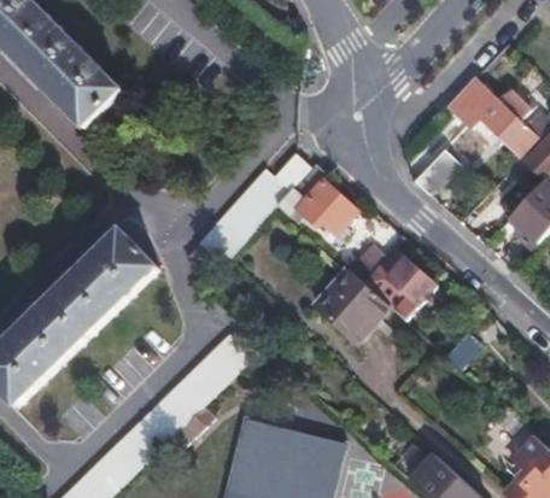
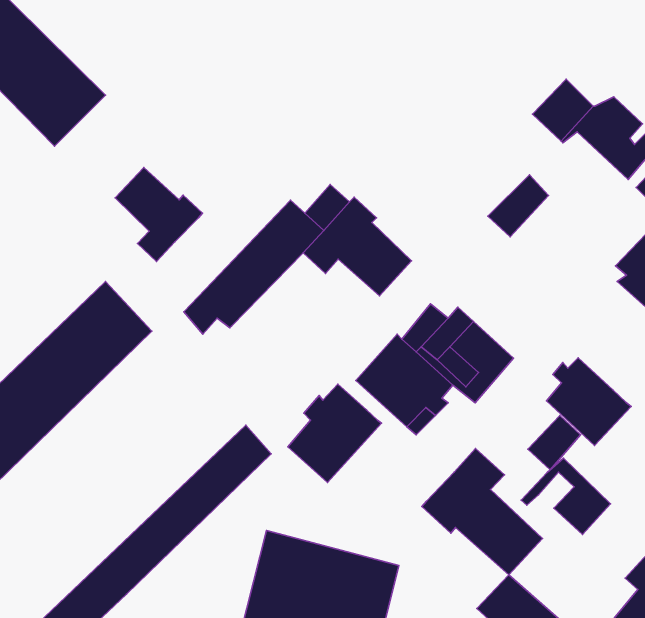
building: none -> [115,168,202,261]
building: none -> [547,358,631,445]
building: none -> [288,384,382,483]
building: none -> [422,448,542,575]
building: none -> [521,458,611,534]

